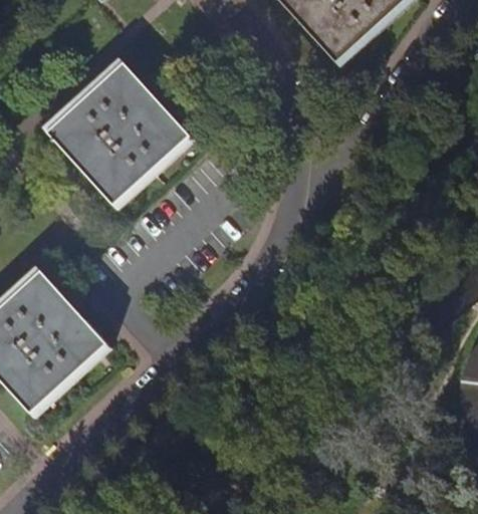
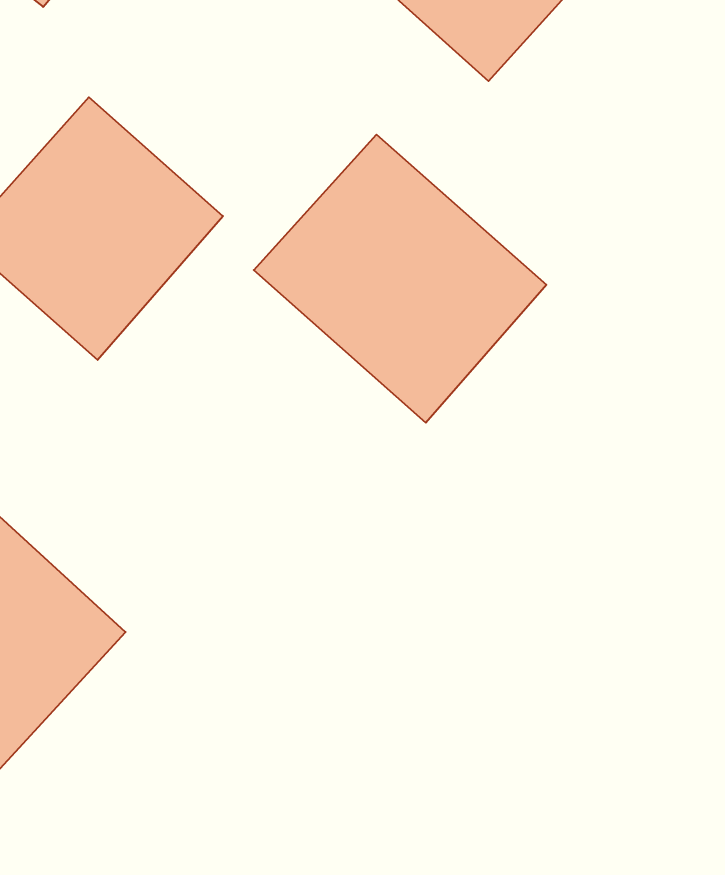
building: none -> [254,135,546,423]

